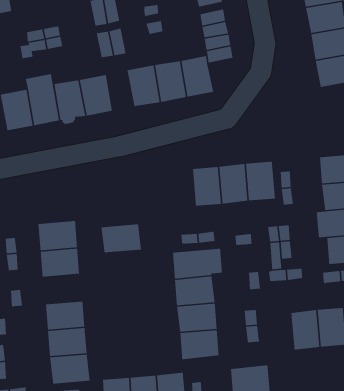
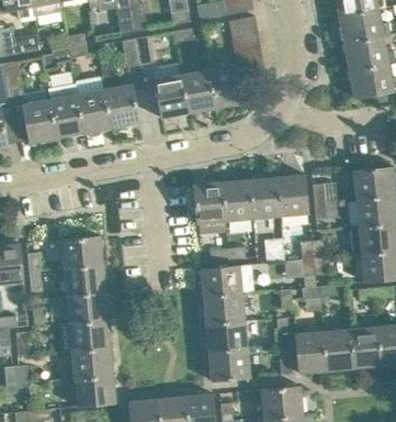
building: none -> [193,182,225,224]
building: [101,224,142,253] -> [66,292,109,323]
building: none -> [295,332,327,374]

